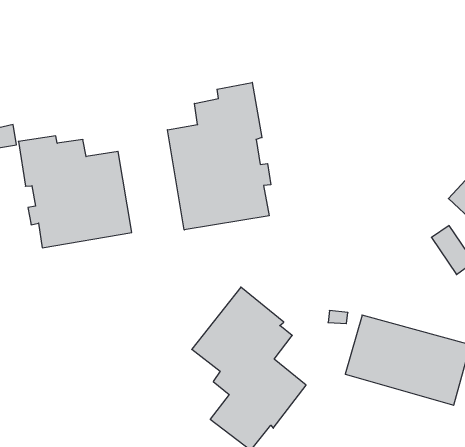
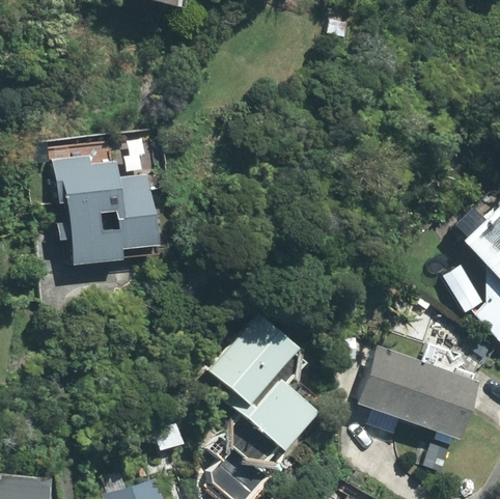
building: [167,82,271,230] -> none

